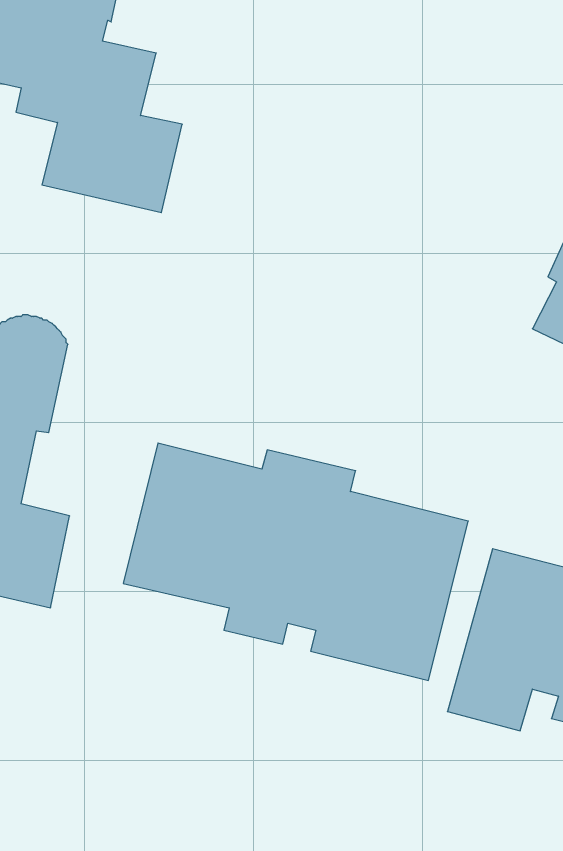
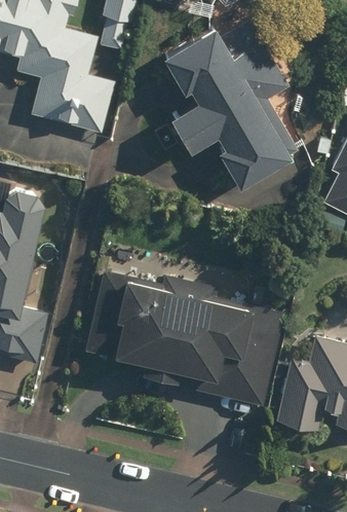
building: none -> [160,21,293,189]

